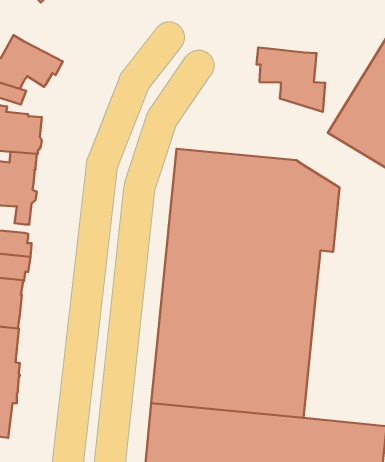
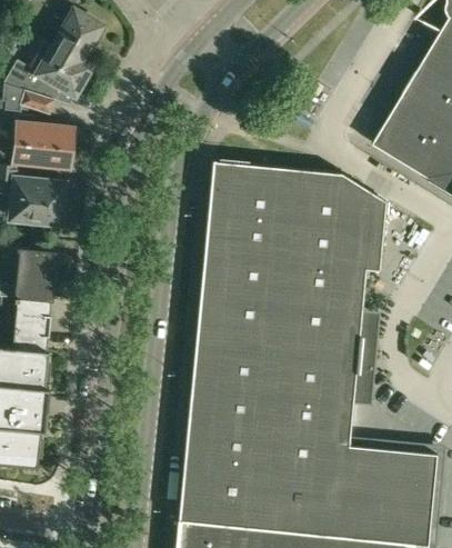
building: none -> [52,10,101,64]
building: [257,47,325,112] -> none

